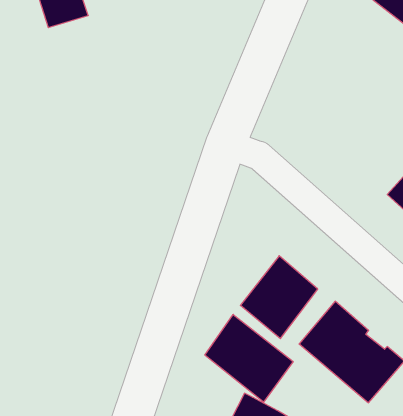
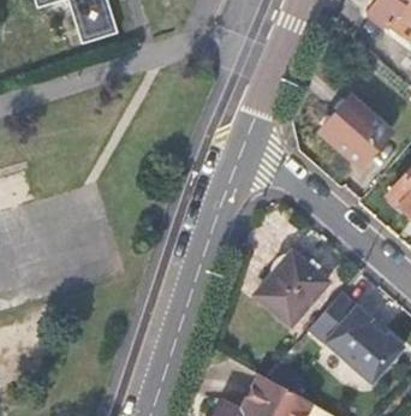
building: none -> [317,97,389,166]
building: [205,314,293,402] -> none

